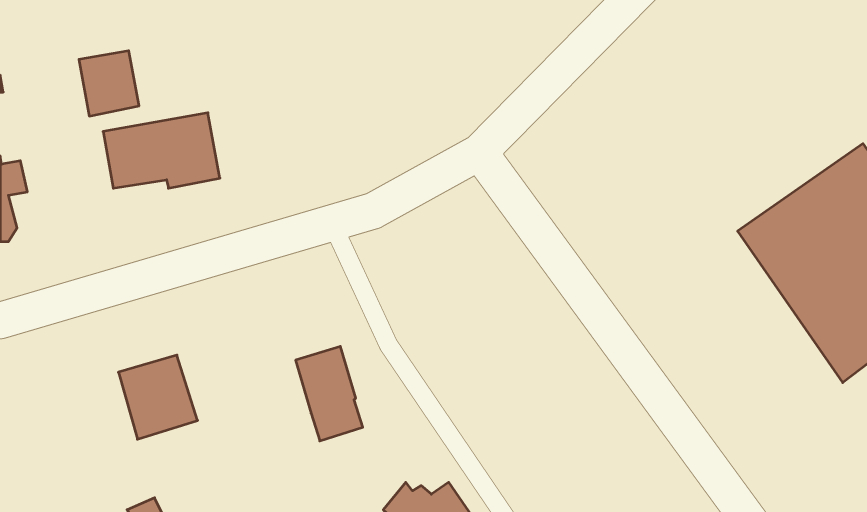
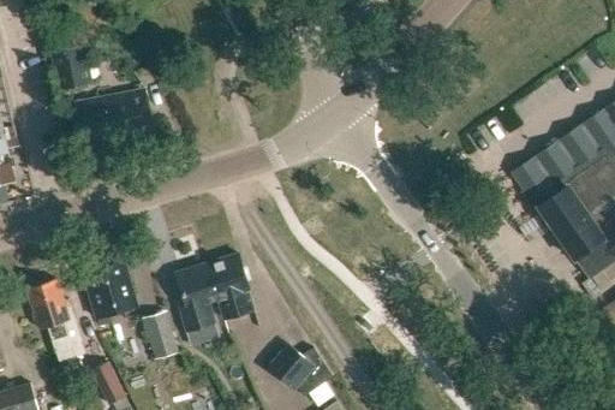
building: none -> [175,262,221,344]
building: none -> [25,279,83,362]
building: none -> [141,308,177,357]

